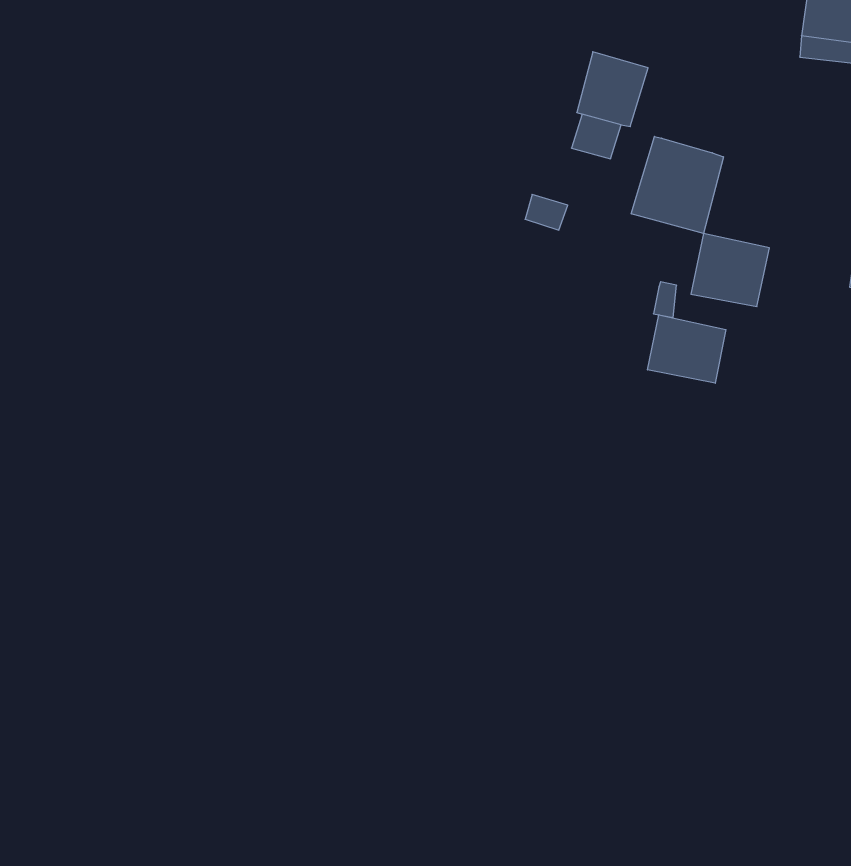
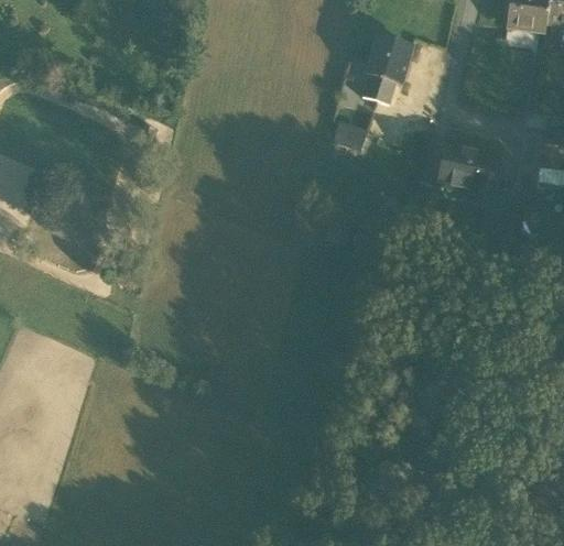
building: [631,136,723,234] -> none
building: [648,315,726,383] -> none

